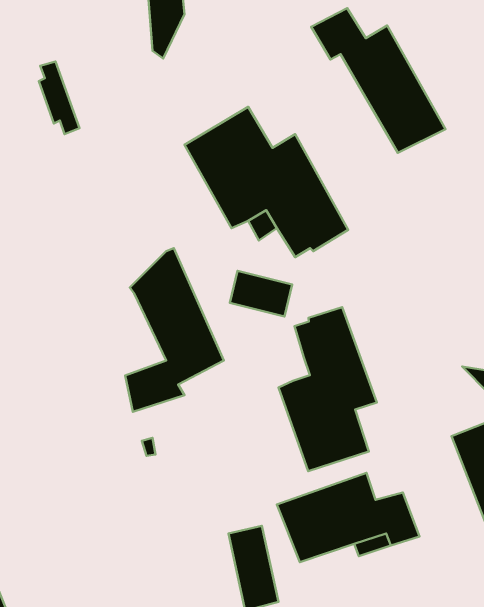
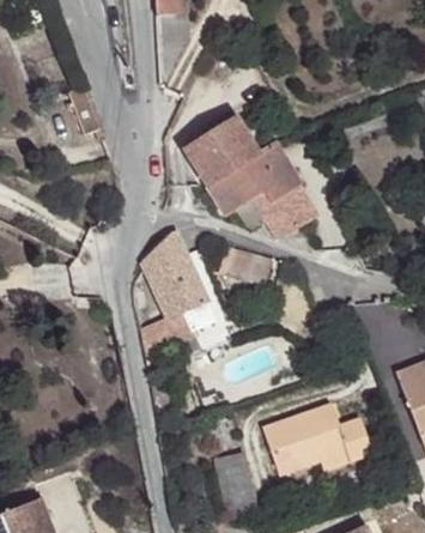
building: [311,8,445,153] -> none
building: [278,307,377,471] -> none

